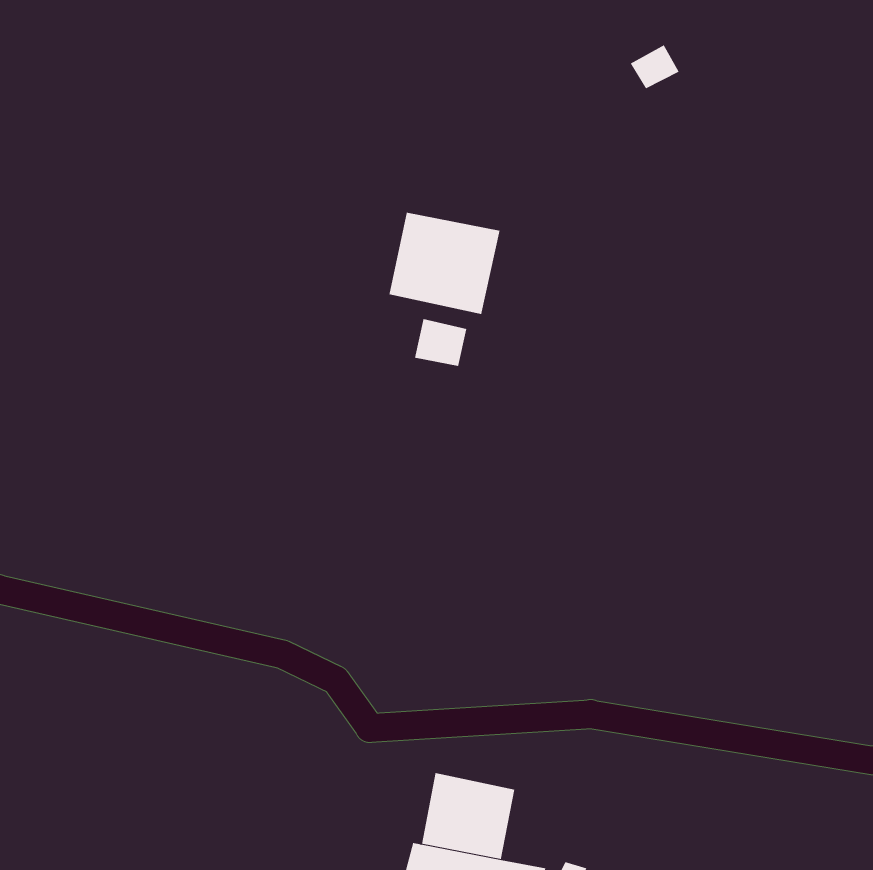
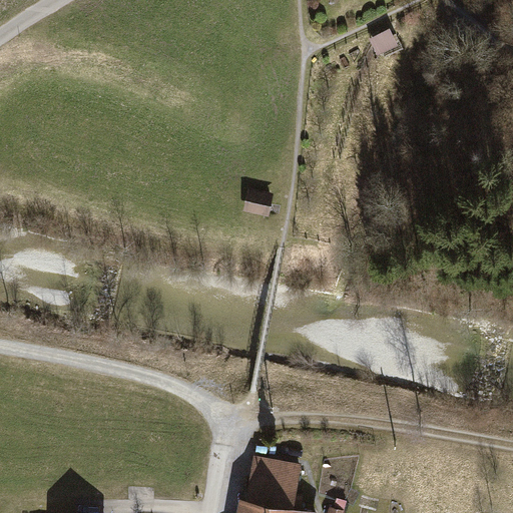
building: [389,212,500,315] -> none

